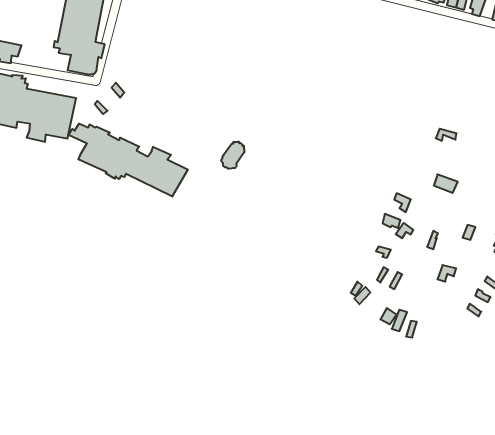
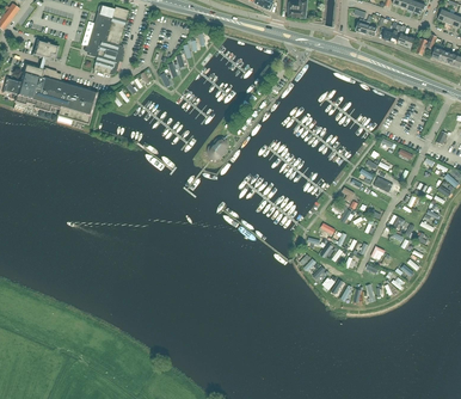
building: [69,124,188,197] -> none

